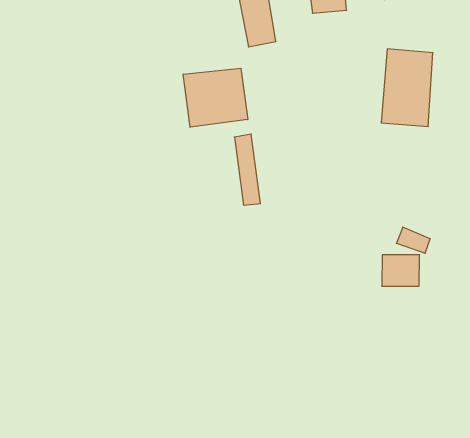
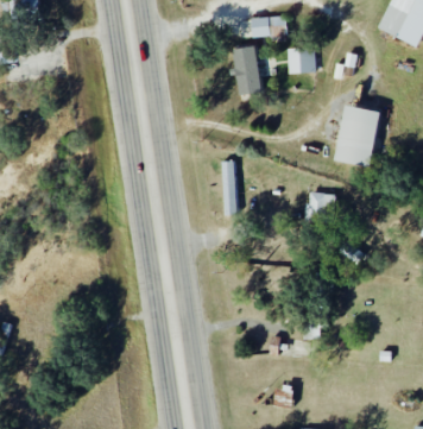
building: [183,68,248,127] -> none
building: [382,255,420,286] -> [307,193,337,219]

